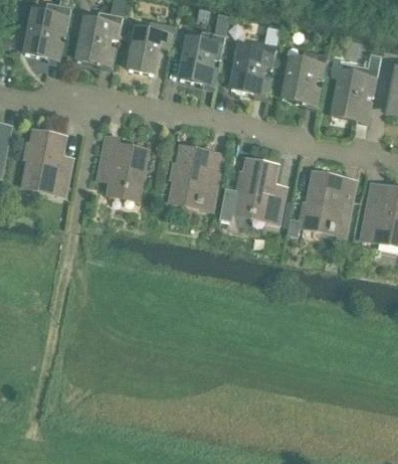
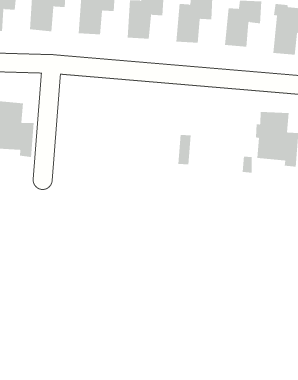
building: [97,136,148,201] -> none
building: [171,146,219,209] -> none
building: [237,159,285,222] -> none

